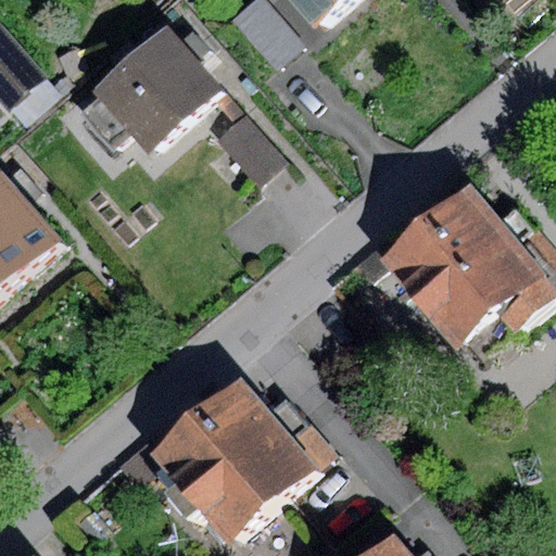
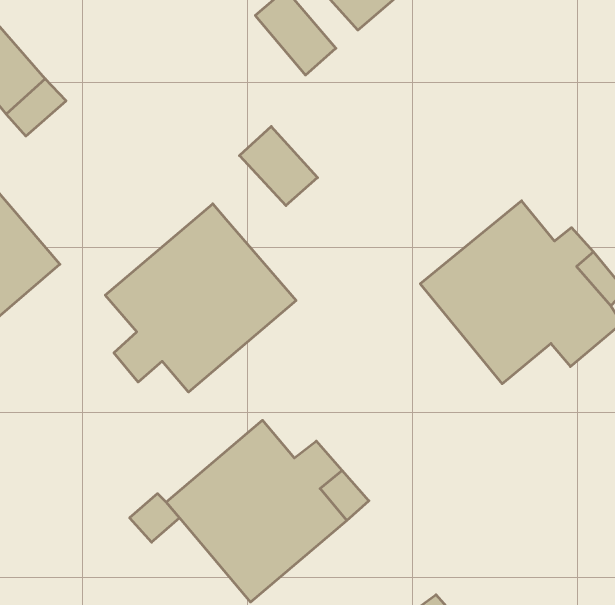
building: [84,29,224,157] -> none
building: none -> [105,204,296,392]

